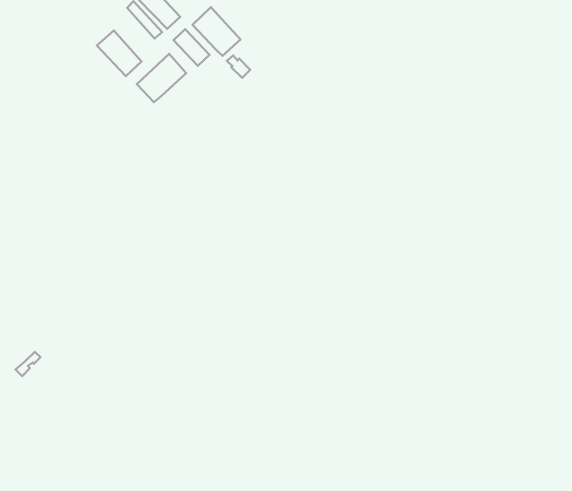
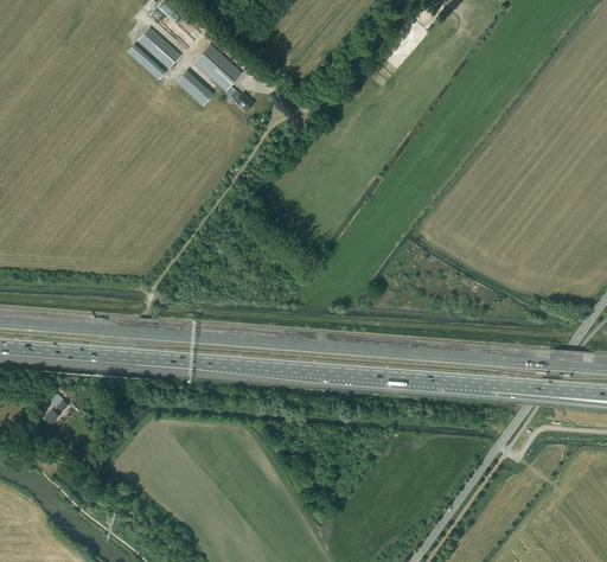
building: [97,31,142,76] -> none
building: [137,54,186,102] -> none

